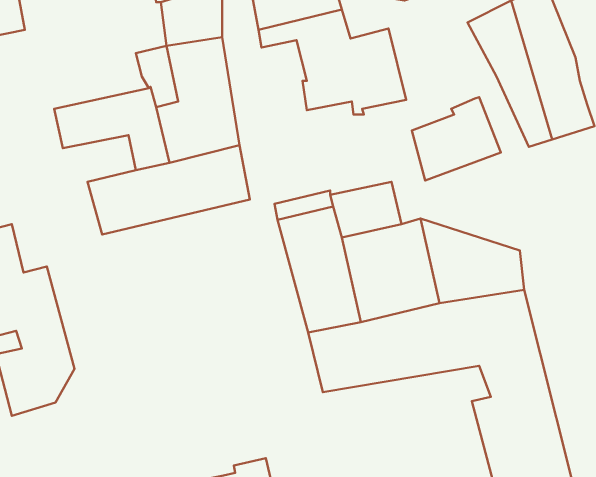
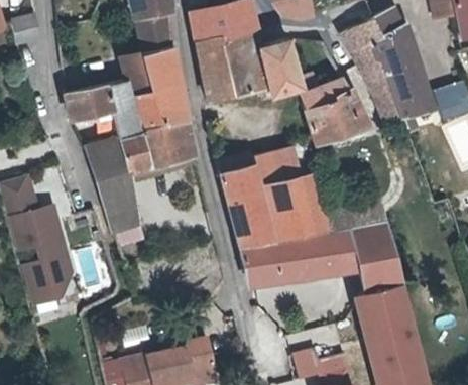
building: none -> [204,47,235,99]
building: none -> [301,75,351,110]
building: none -> [94,157,197,234]

